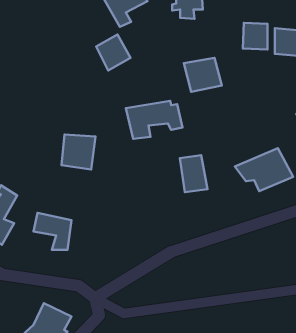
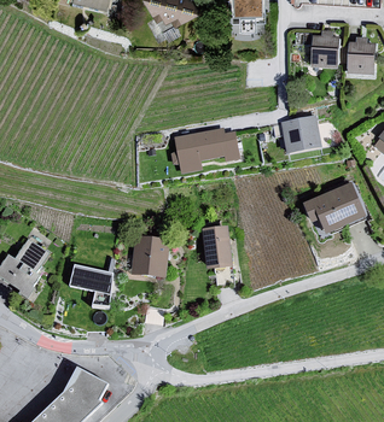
building: [96,34,131,70] -> none
building: [184,58,222,92] -> [279,116,324,156]
building: [61,135,95,169] -> [128,235,168,276]
building: [180,155,207,192] -> [200,224,233,268]

